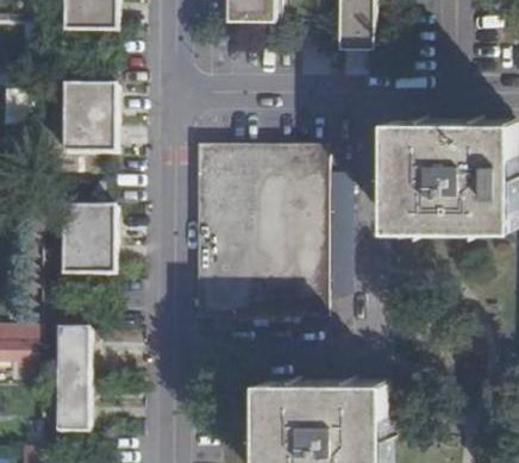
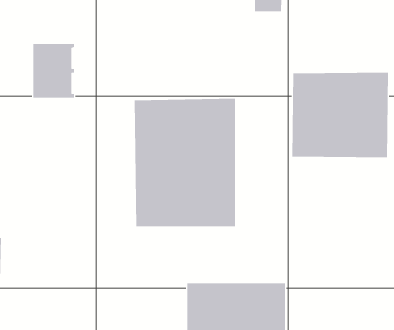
building: [65,206,118,274] -> none
building: [61,327,92,432] -> none

